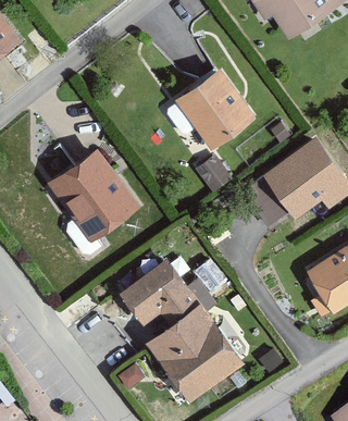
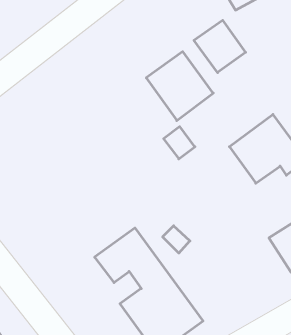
building: none -> [194,20,246,73]
building: [46,141,125,226] -> none

